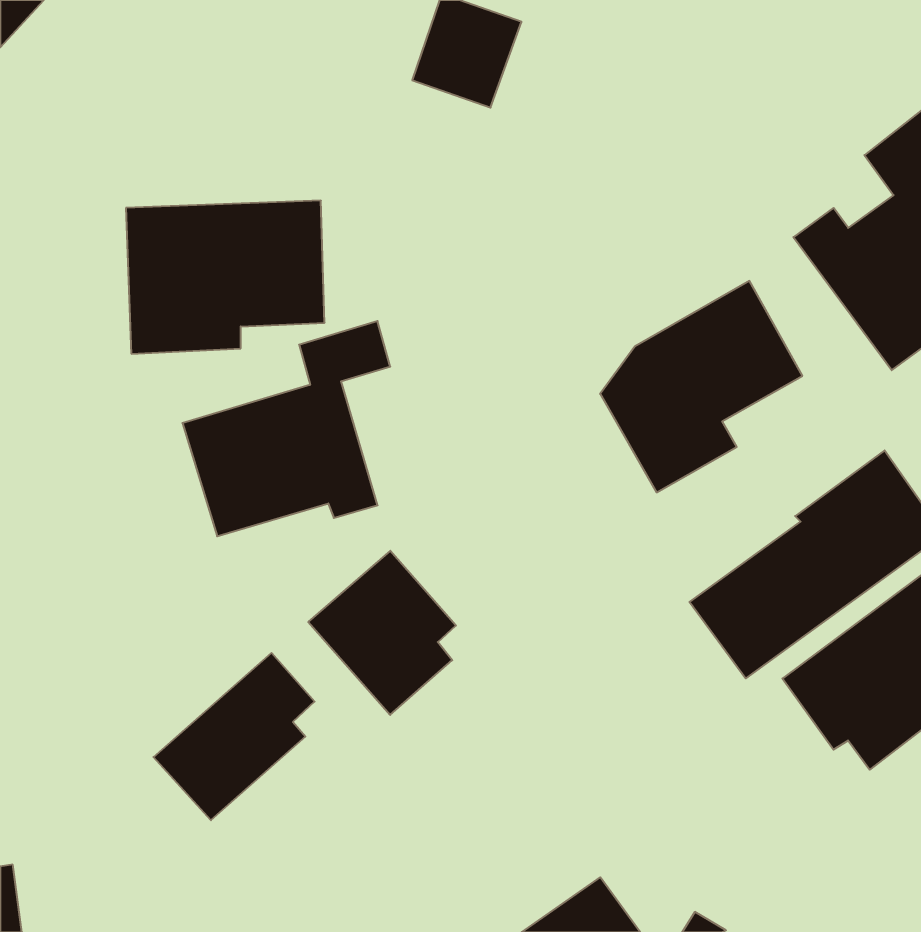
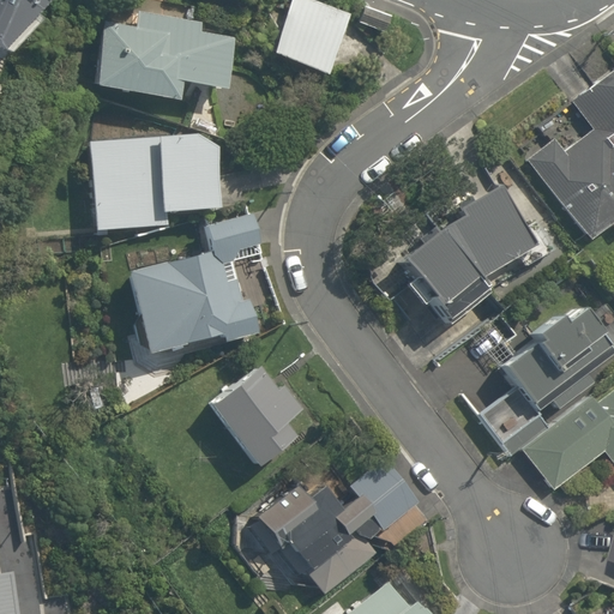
building: none -> [96,22,234,94]
building: [153,653,315,820] -> none
building: none -> [254,456,422,602]

